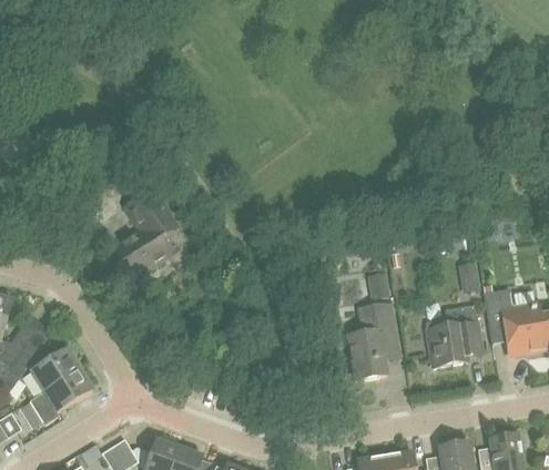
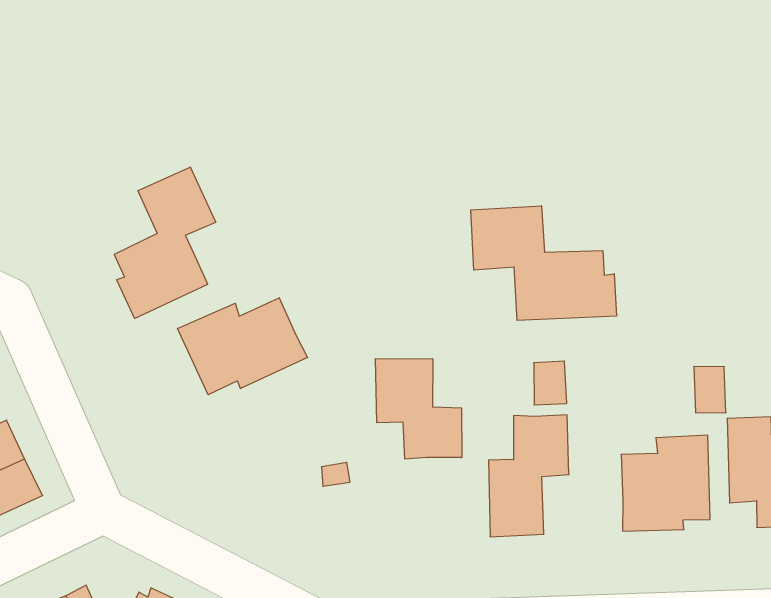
building: none -> [471,206,616,320]
building: none -> [178,298,308,395]
building: none -> [375,359,462,459]

